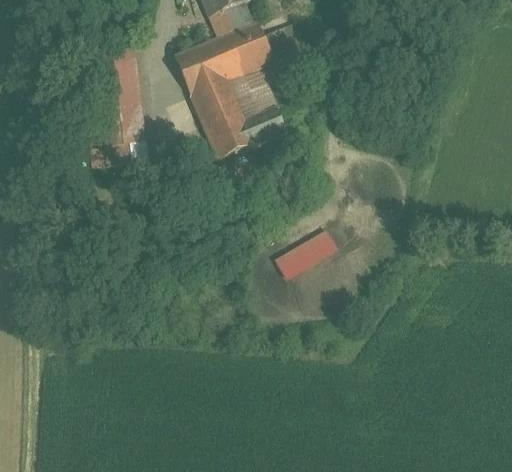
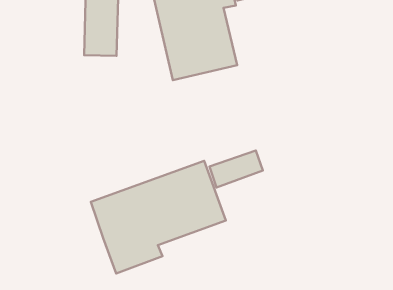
building: none -> [91,161,226,274]

